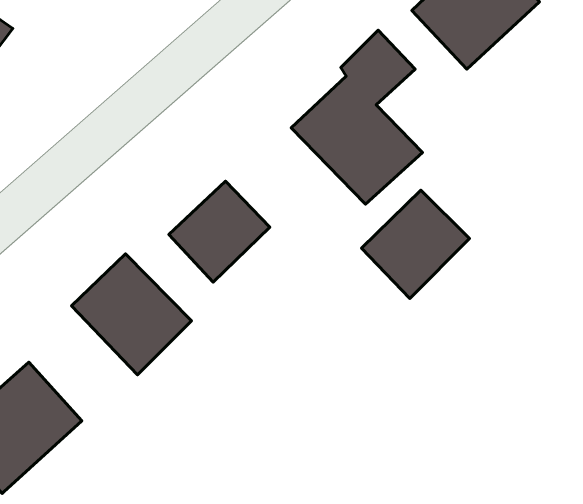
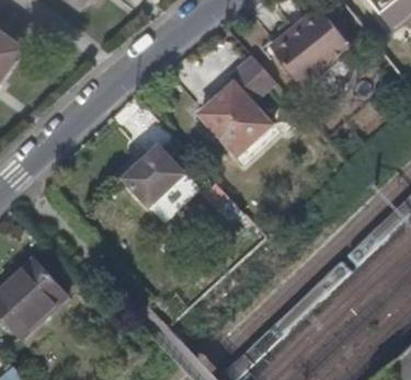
building: [361,190,469,298] -> none
building: [71,254,191,375] -> none

